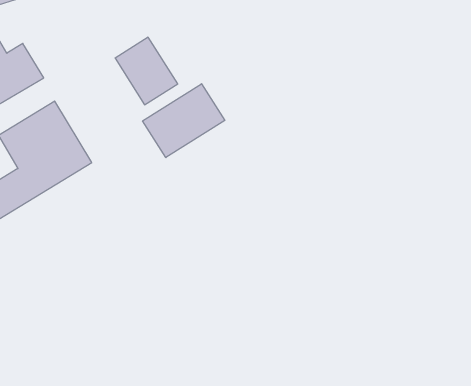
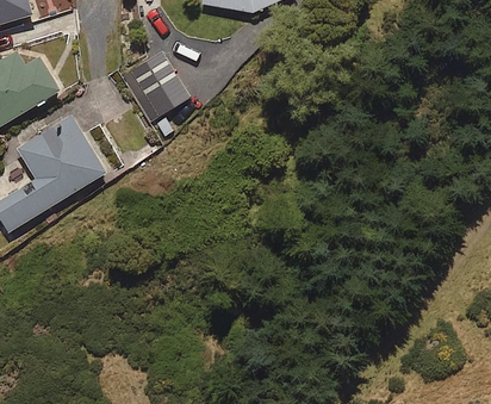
building: [143,84,225,158] -> none

